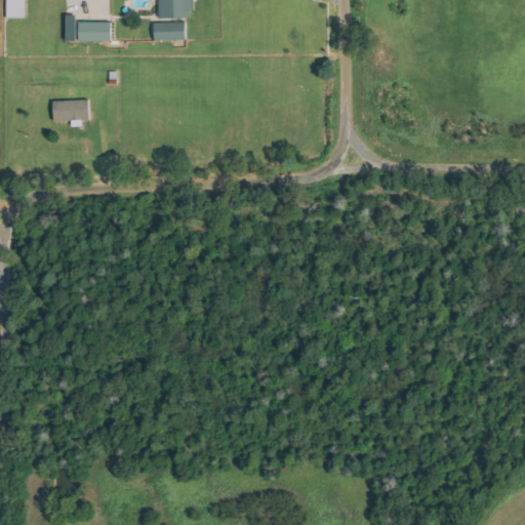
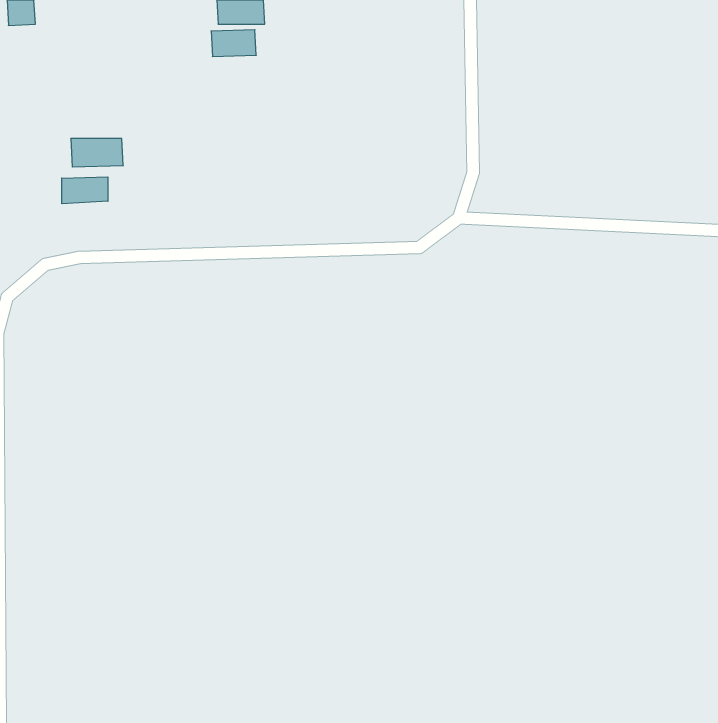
building: [65,15,112,41] -> none
building: none -> [62,177,108,204]

